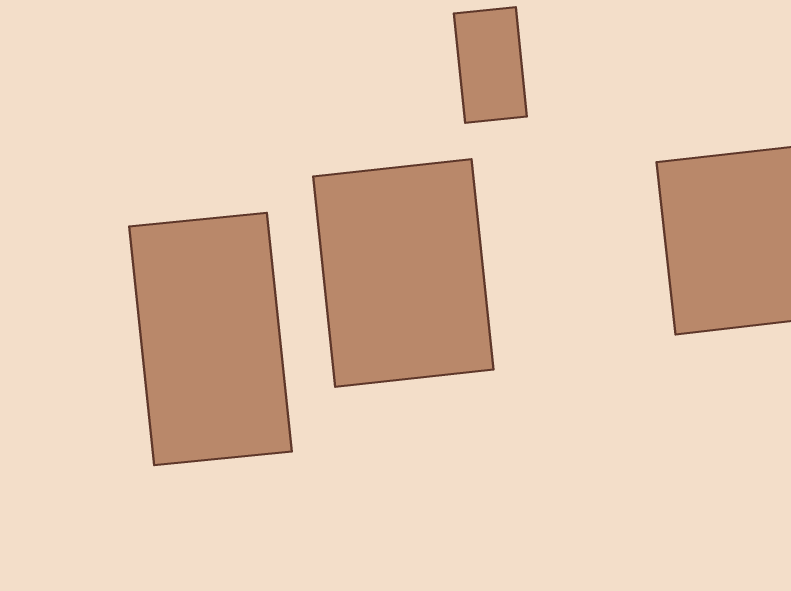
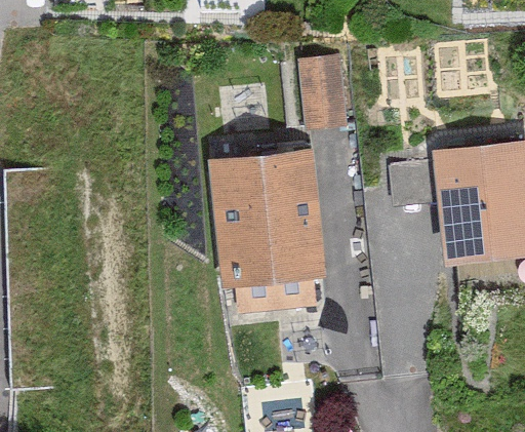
building: [129,213,292,465] -> none

